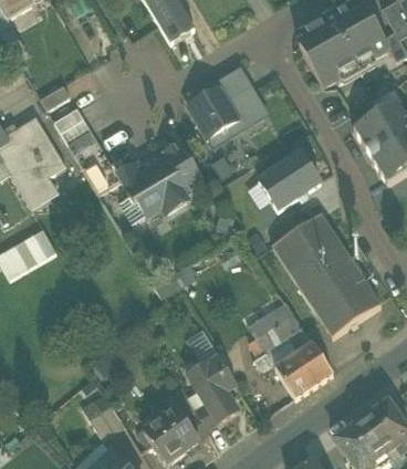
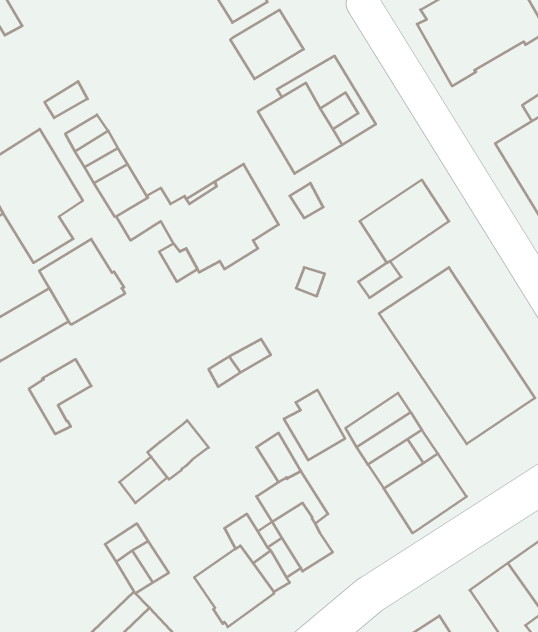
building: none -> [230,10,304,79]
building: none -> [39,239,125,324]
building: none -> [29,359,91,434]
building: none -> [284,390,345,460]
building: none -> [148,420,209,479]

